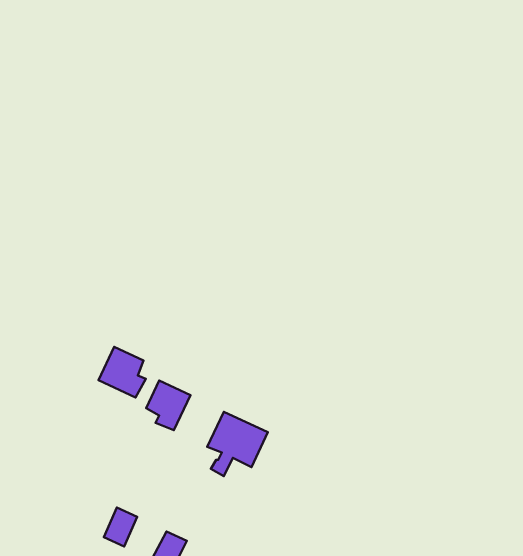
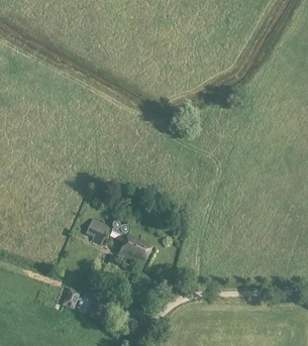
building: [98,347,146,398] -> none

